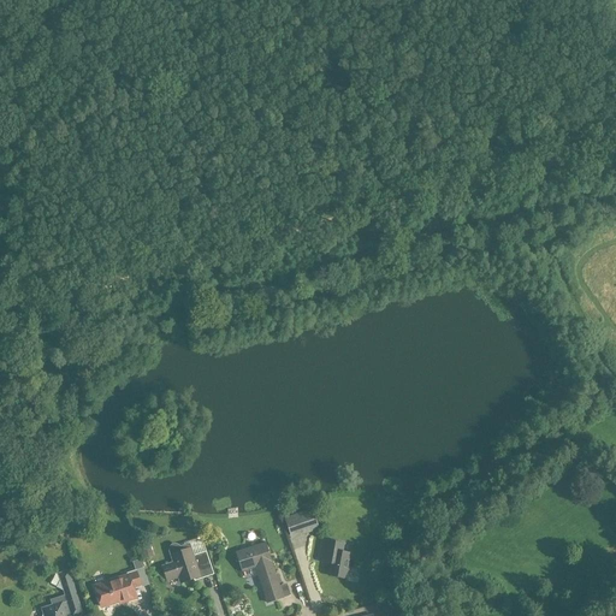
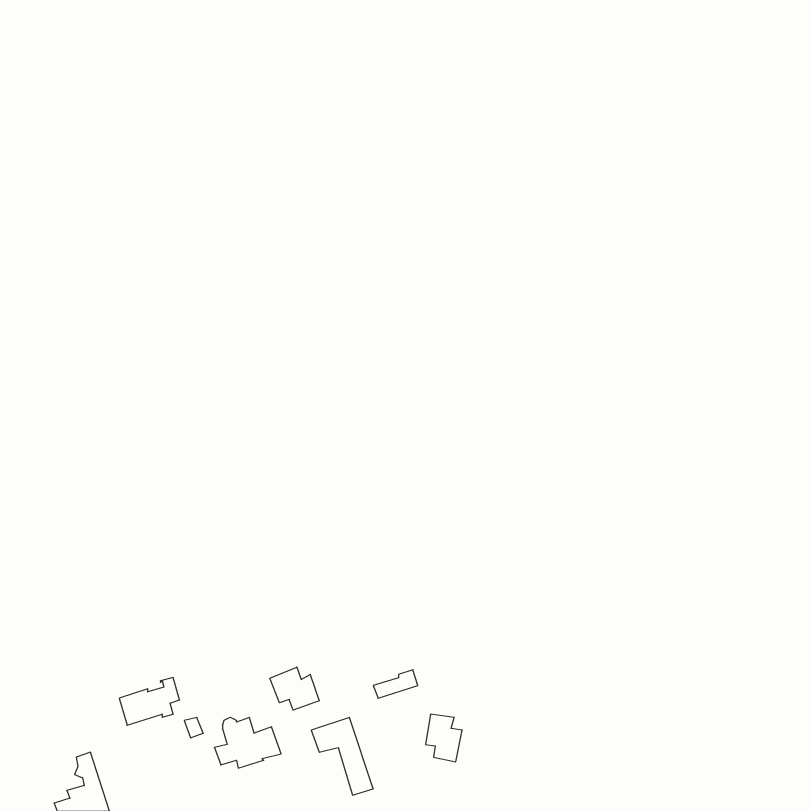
building: none -> [270,667,319,710]
building: [96,570,142,606] -> [119,678,180,725]

